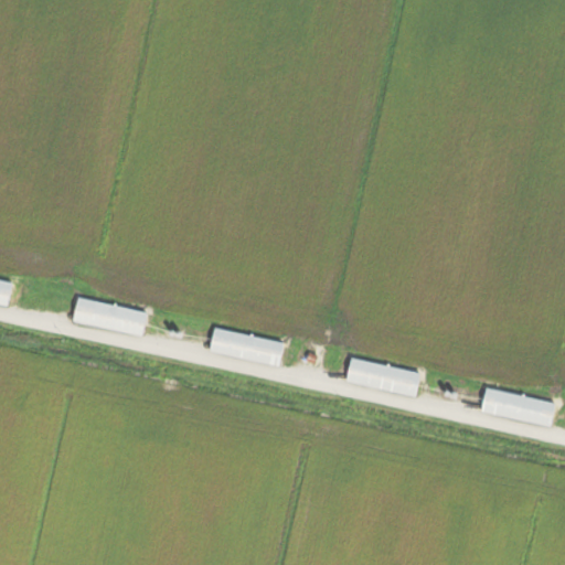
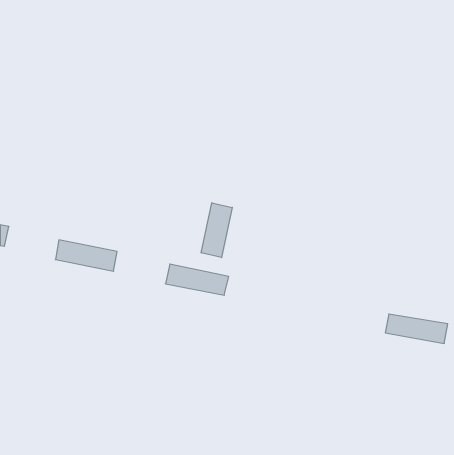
building: none -> [201,203,232,258]
building: [344,358,422,395] -> none

